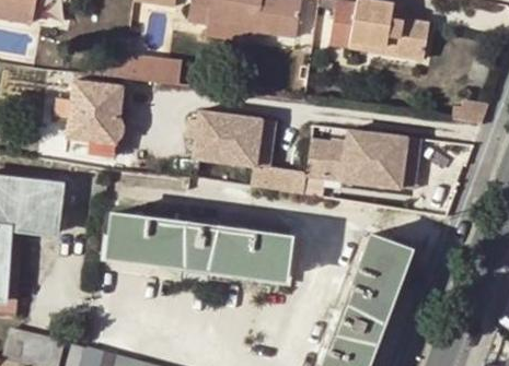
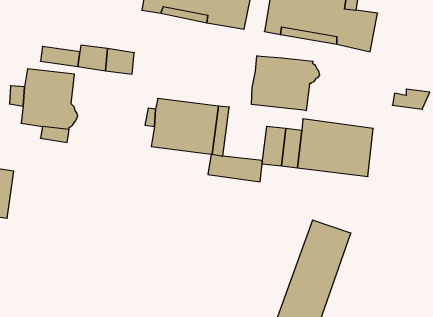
building: none -> [252,56,319,111]
building: [108,212,294,280] -> none

